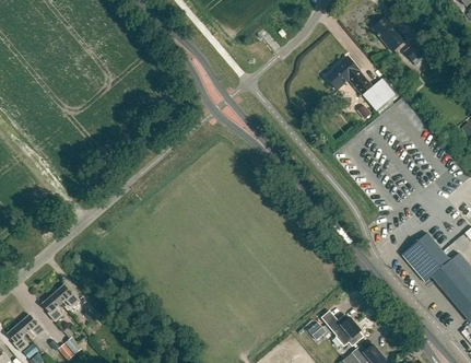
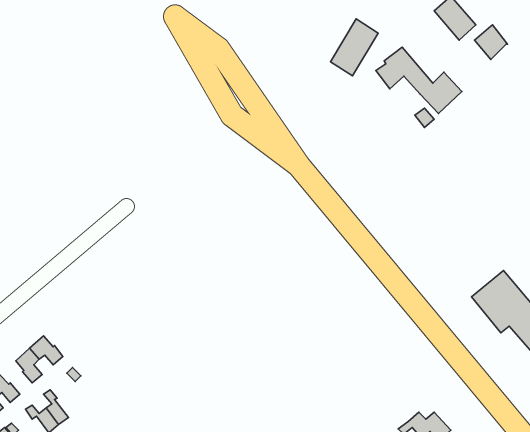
building: none -> [331,19,378,76]
building: [327,314,363,347] -> none

